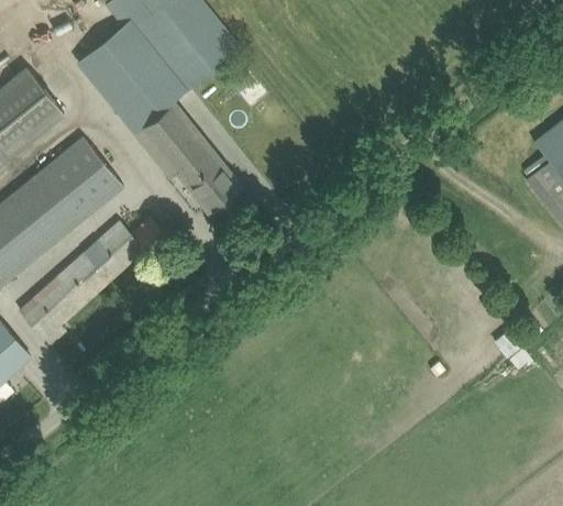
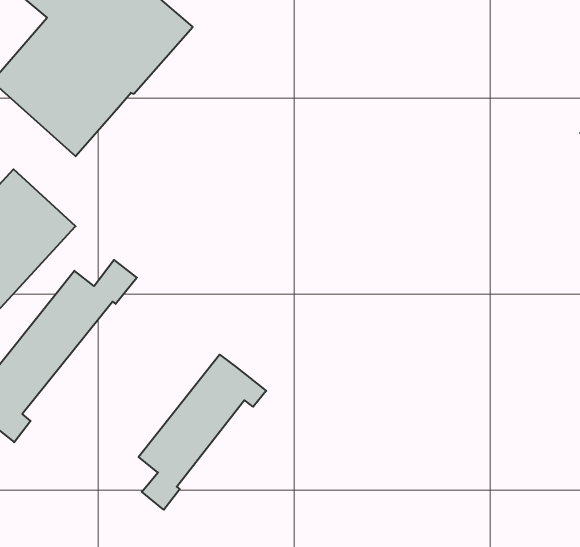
building: [134,102,241,212] -> none
building: none -> [139,355,266,510]

